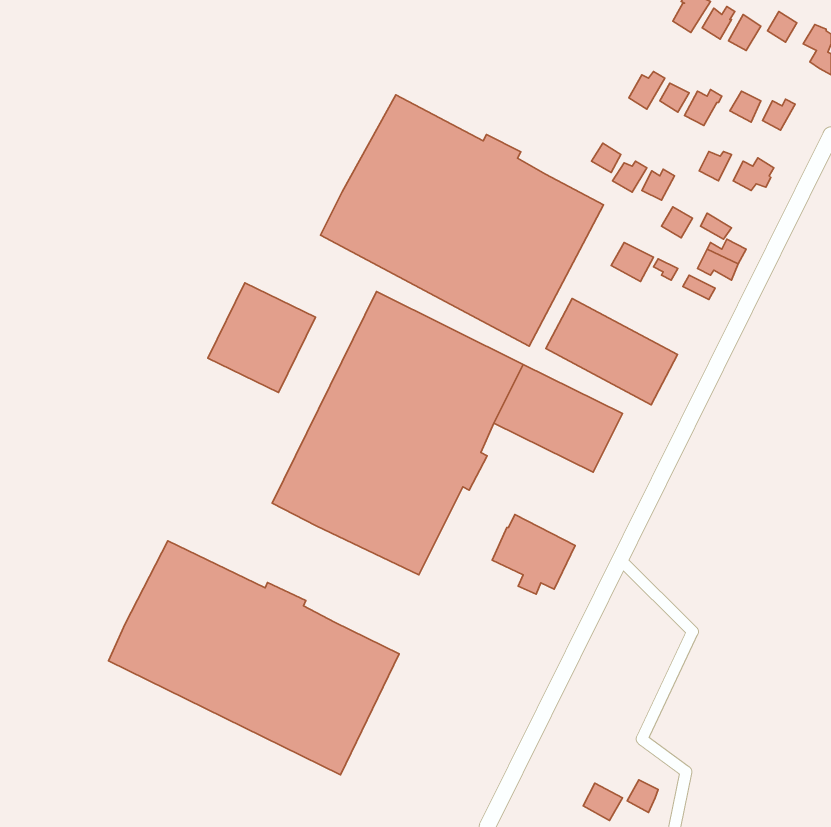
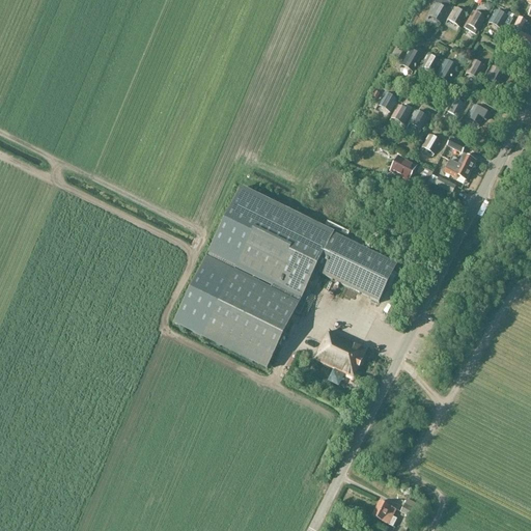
building: [320,95,604,346] -> none
building: [208,283,315,393] -> none
building: [546,298,677,405] -> none
building: [108,541,399,775] -> none

